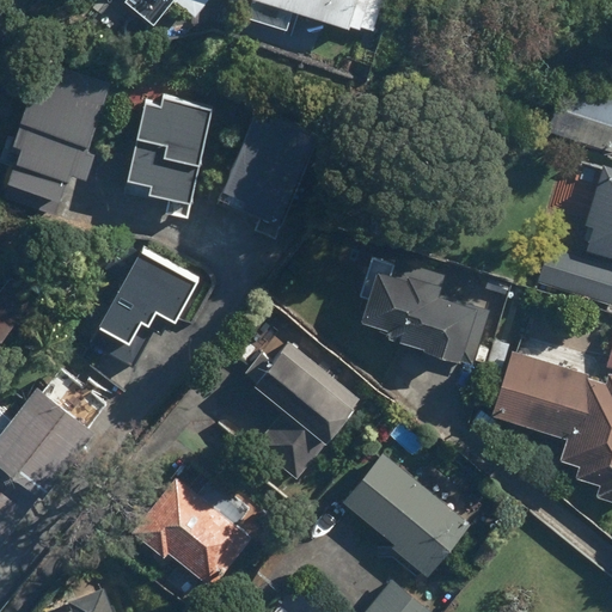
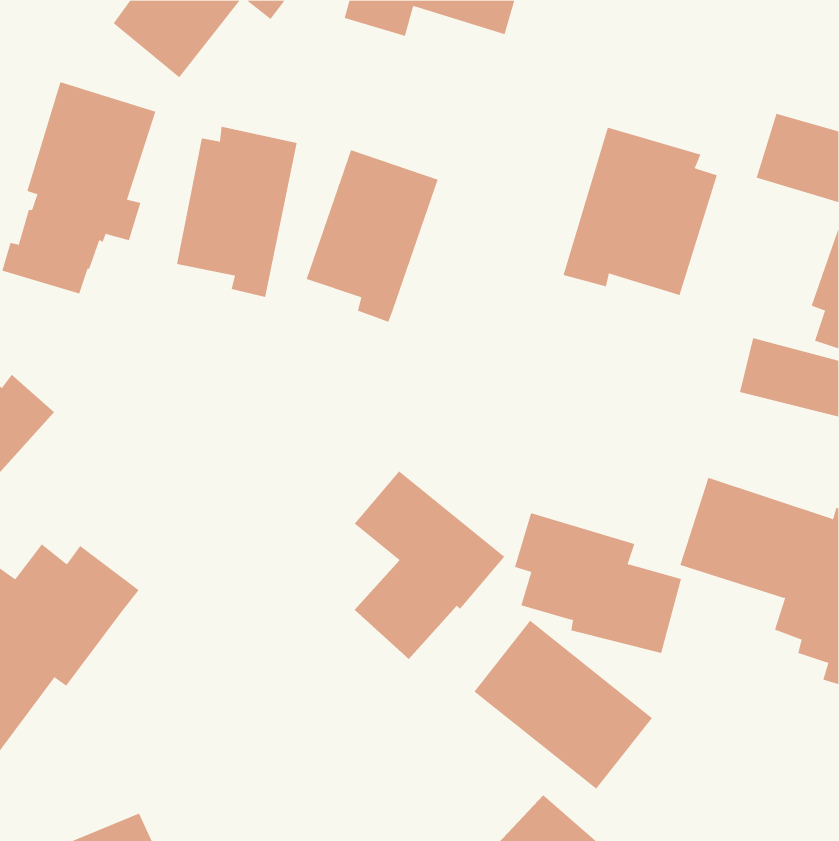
building: none -> [563,127,717,296]
building: [84,244,194,363] -> none
building: [361,257,482,359] -> [514,512,682,654]
building: [133,475,256,589] -> none

